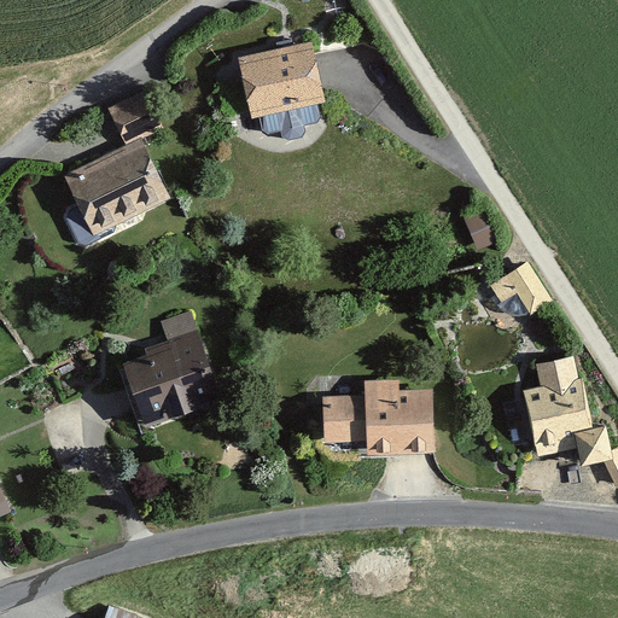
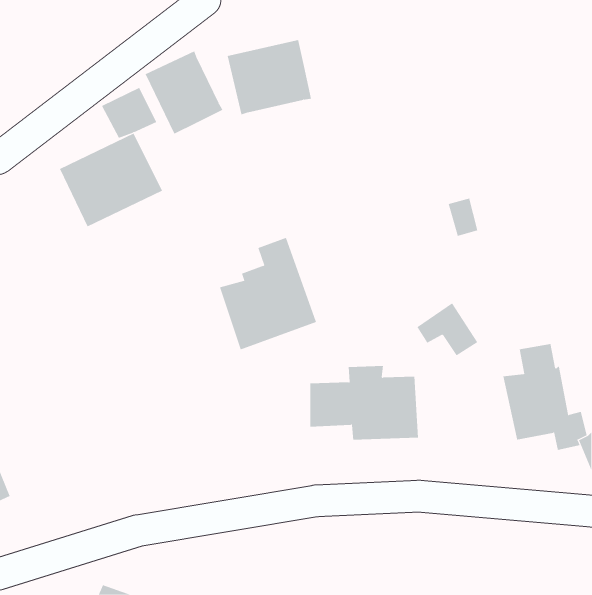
building: none -> [145,50,223,134]
building: [488,261,552,316] -> [416,303,478,356]
building: [119,311,221,428] -> [219,237,317,350]

